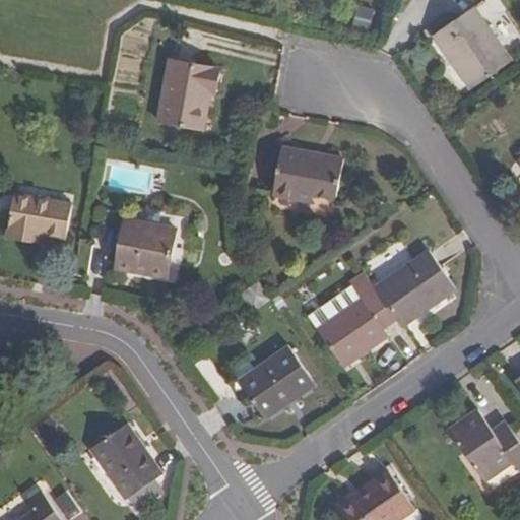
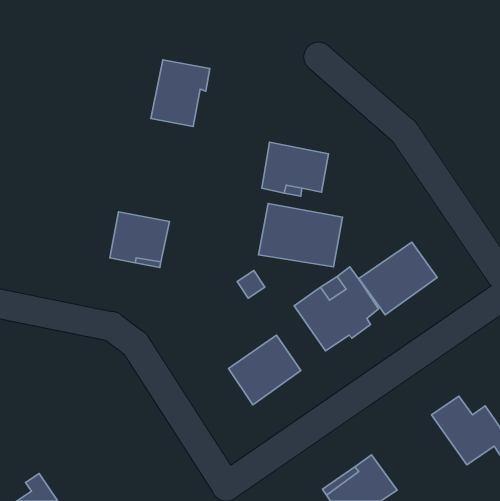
building: [432,8,510,89] -> none
building: [5,194,71,242] -> none
building: none -> [258,204,343,267]
building: [90,425,159,499] -> none

